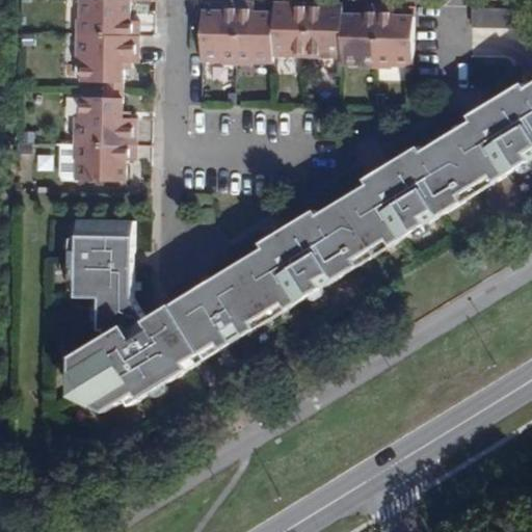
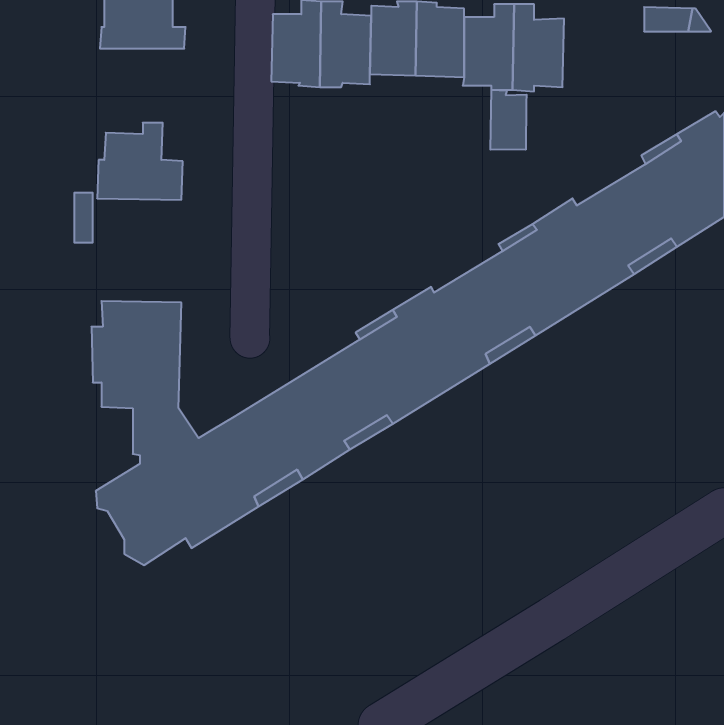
building: [73,35,134,89] -> none
building: none -> [490,90,527,150]
building: [70,144,132,181] -> none

